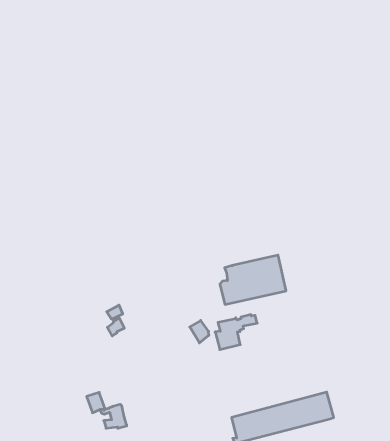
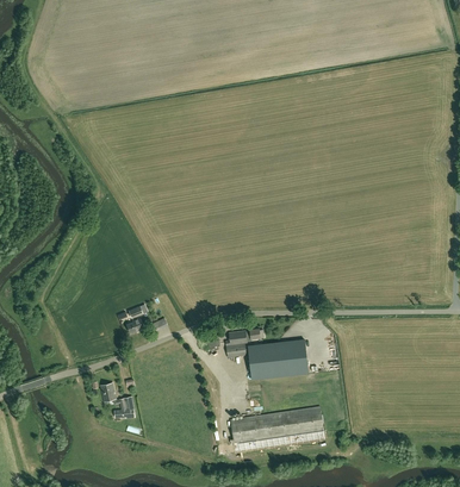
building: [220,255,286,304] -> [249,339,309,379]

